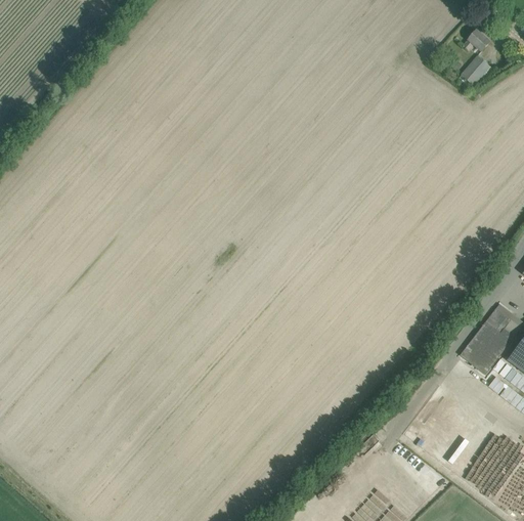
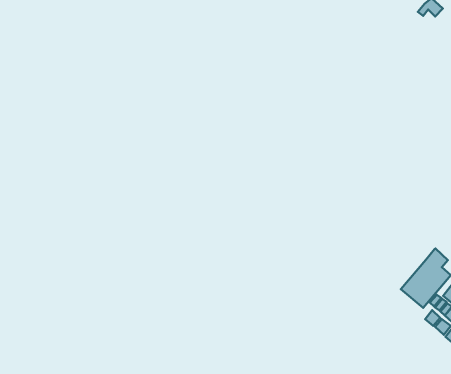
building: [462,52,492,85] -> none

